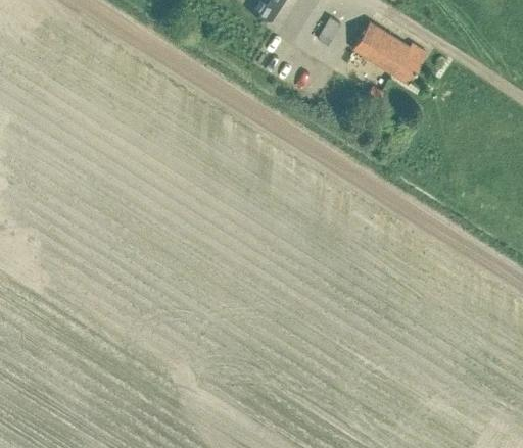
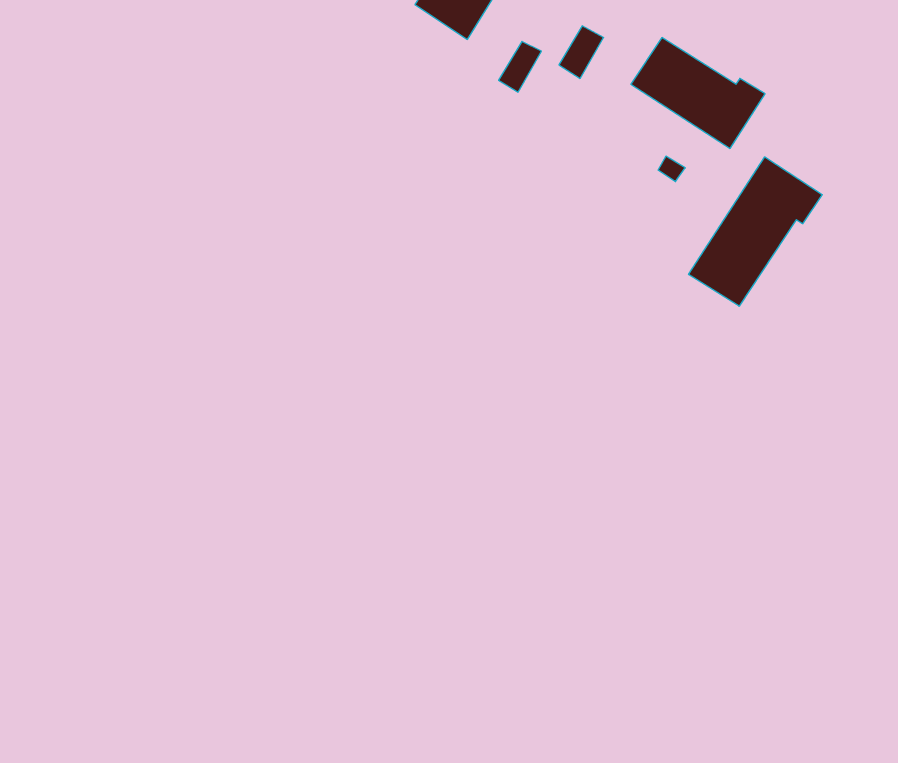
building: none -> [689,157,822,306]

